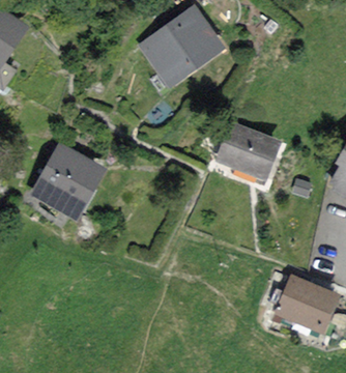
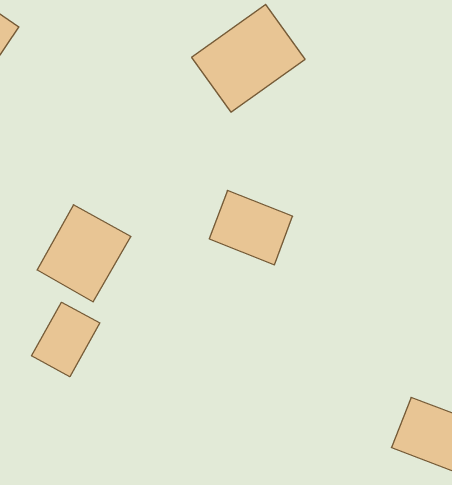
building: [220,125,277,176] -> [209,190,293,265]
building: none -> [32,302,100,377]

